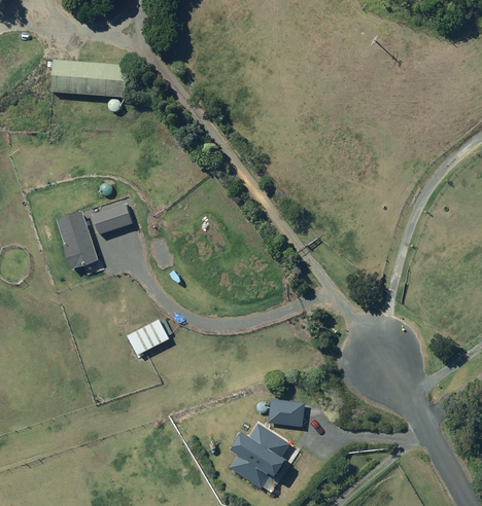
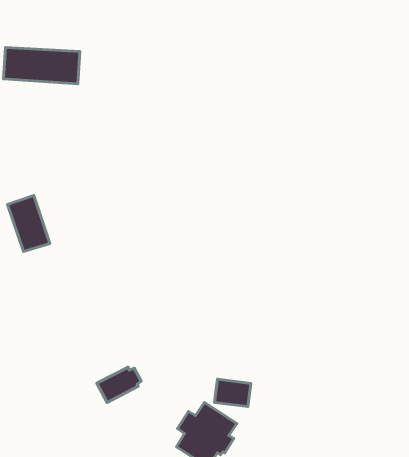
building: [92,204,132,234] -> none
building: [127,319,172,355] -> [97,367,141,402]

